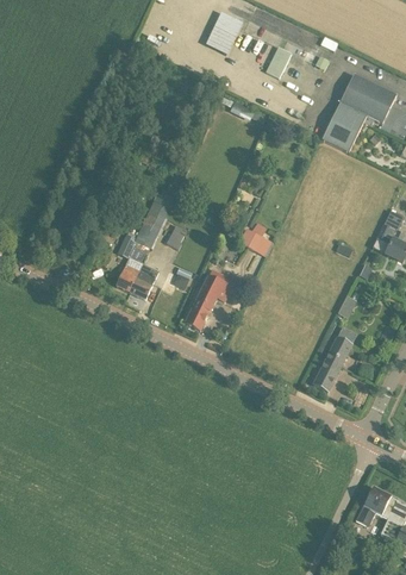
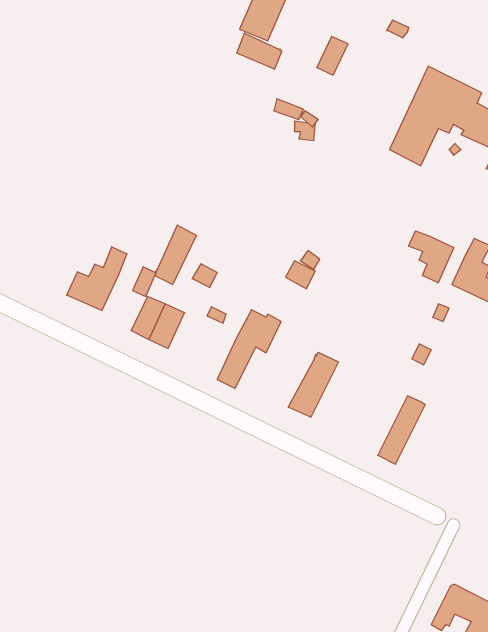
building: none -> [237,33,282,69]
building: none -> [409,231,454,283]
building: none -> [67,247,127,311]
building: none -> [288,352,338,417]

